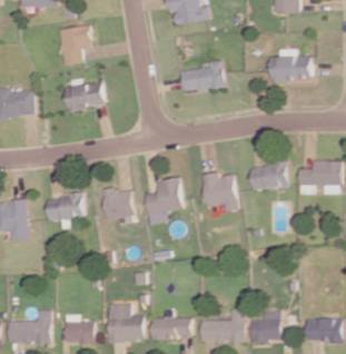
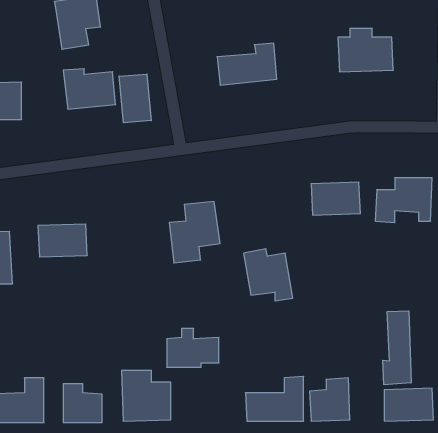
building: none -> [119,74,151,123]
building: [199,171,236,210] -> [244,249,293,301]
building: [101,187,132,218] -> none
building: none -> [383,311,411,385]
building: [152,311,191,340] -> [167,328,219,367]

